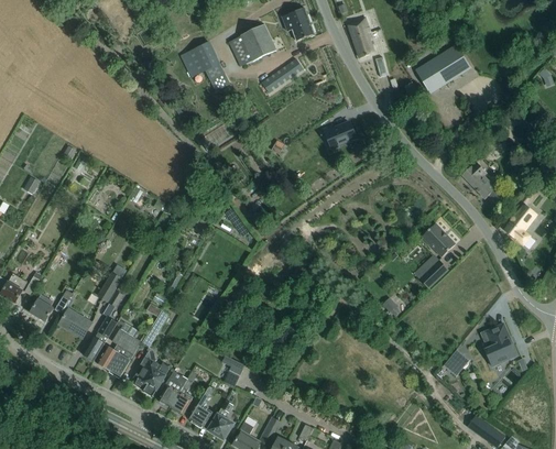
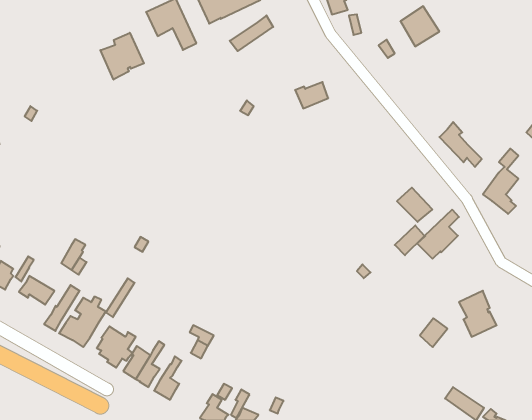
building: none -> [100,33,144,80]
building: none -> [417,210,459,259]
building: [208,401,233,439] -> none

